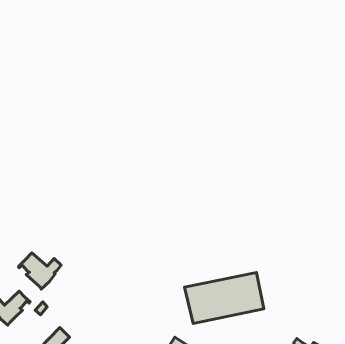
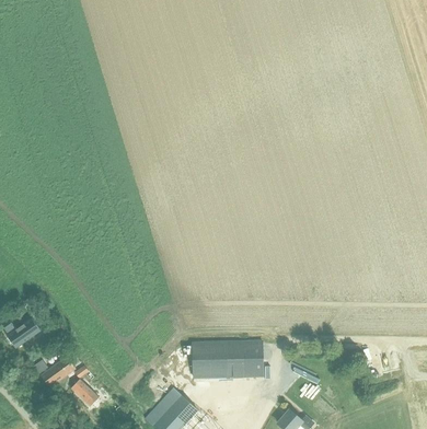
building: [18,253,61,289] -> none

